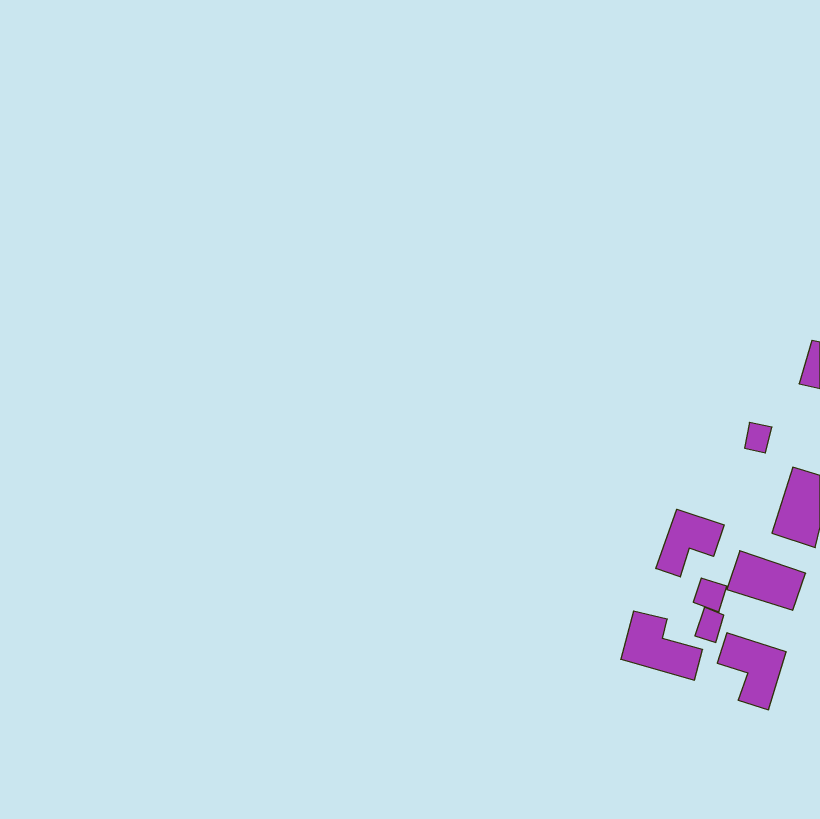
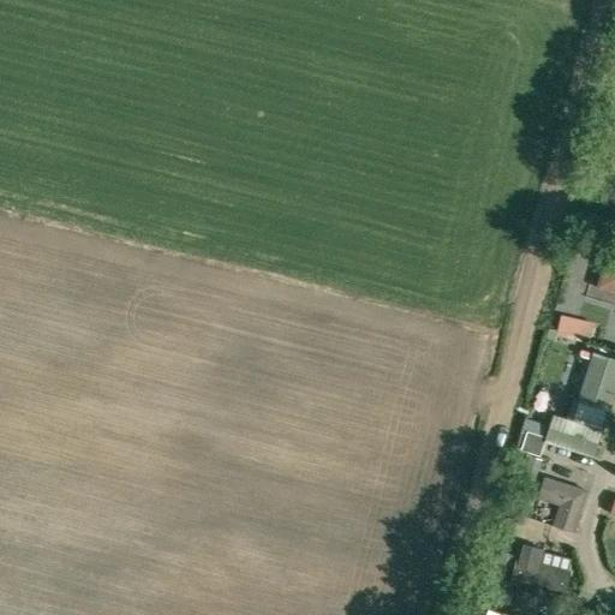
building: [656,509,724,577] -> none
building: [621,611,703,680] -> [510,542,572,593]

